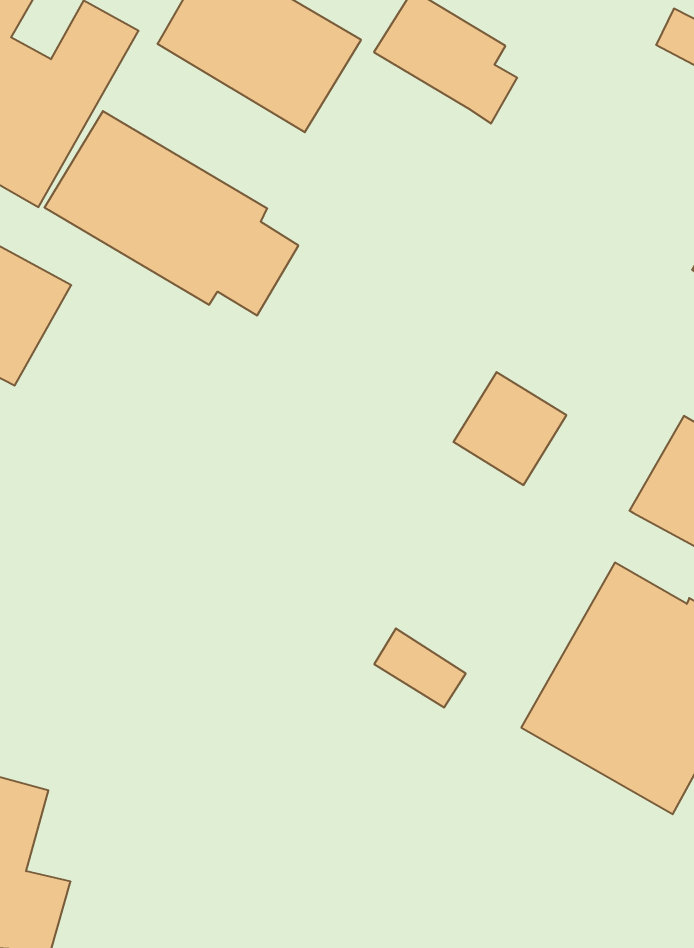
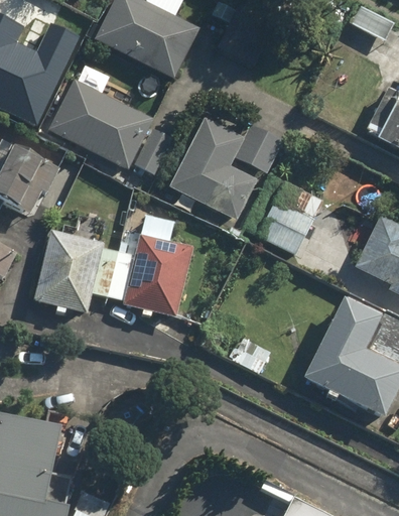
building: none -> [168,98,284,224]
building: none -> [33,212,192,317]

